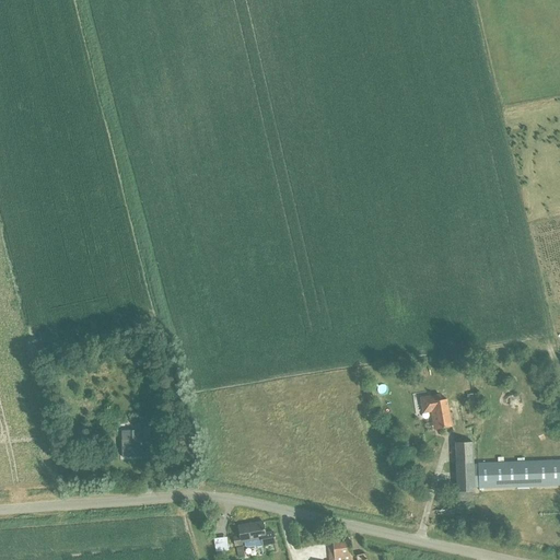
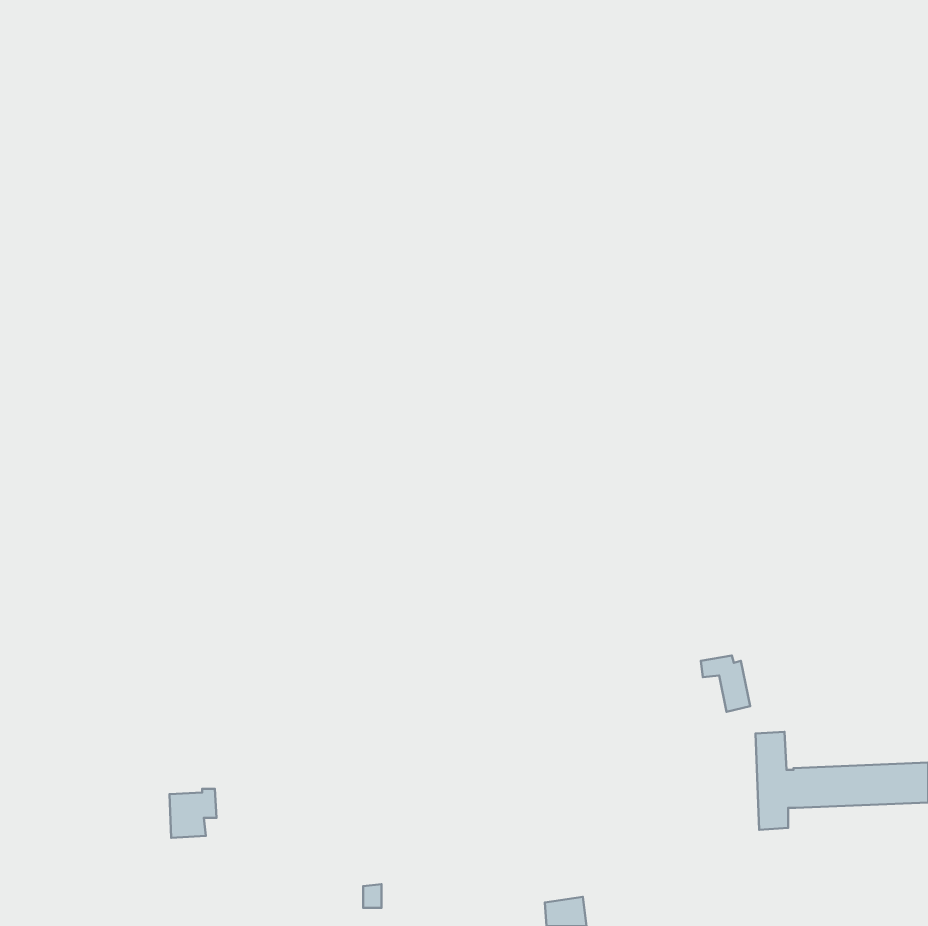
building: [121,427,150,456] -> [169,789,217,838]
building: [232,521,273,546] -> none

